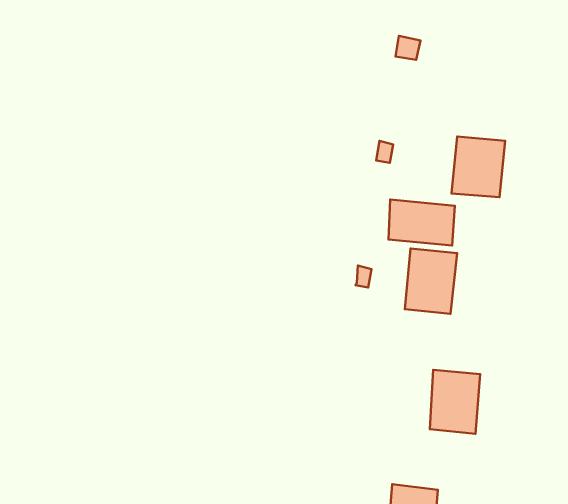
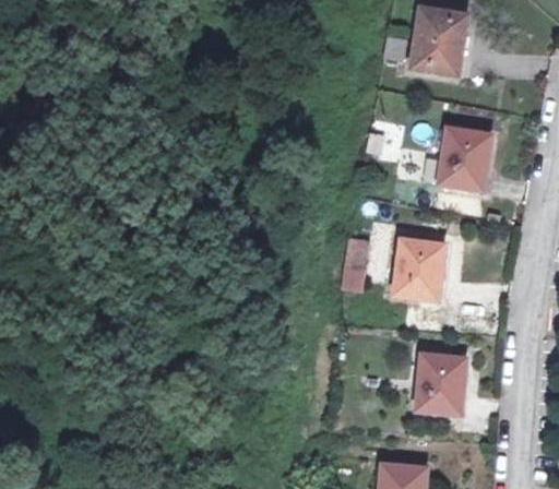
building: none -> [414,7,467,75]
building: [389,200,455,246] -> none

